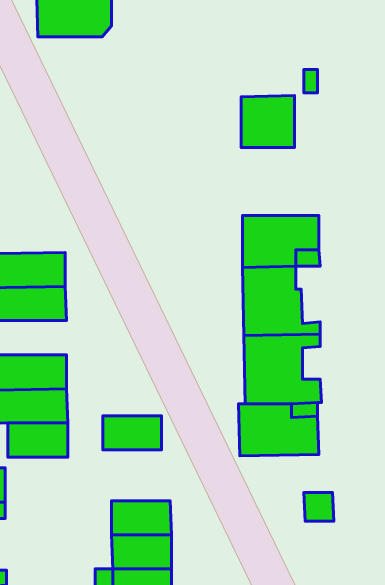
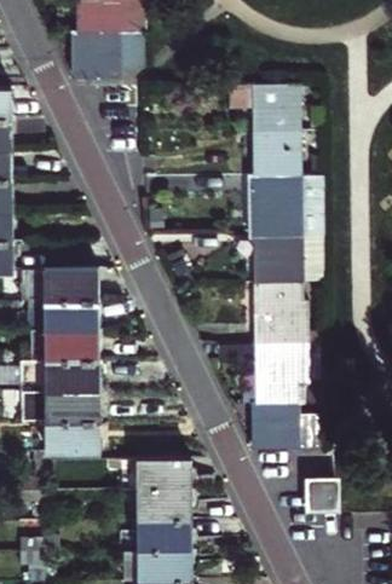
building: none -> [229,87,300,133]
building: none -> [248,178,322,238]
building: none -> [45,331,98,362]
building: [103,416,162,450] -> [138,461,190,491]

